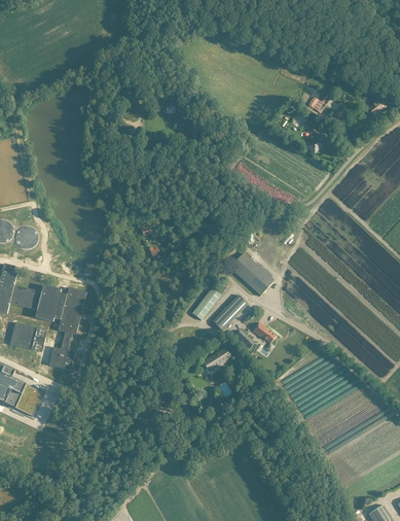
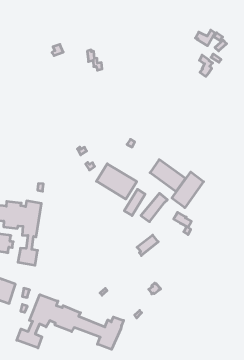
building: none -> [96,164,137,199]
building: none -> [172,172,204,208]
building: none -> [17,295,124,349]

